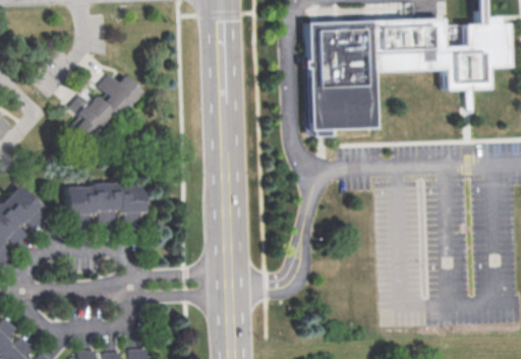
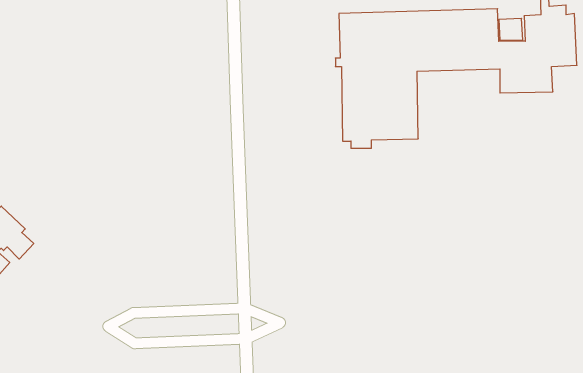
building: [69,74,141,139] -> none
building: [67,181,144,227] -> none

